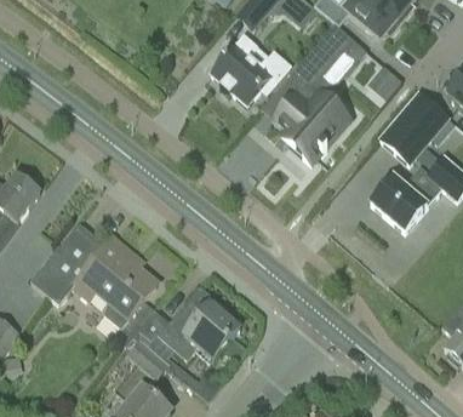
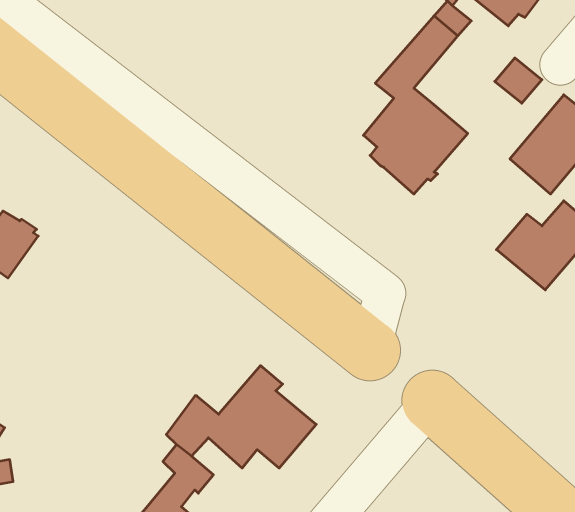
building: [211,34,291,105] -> none
building: [30,230,156,345] -> none

